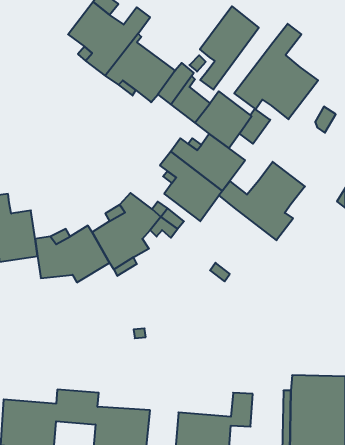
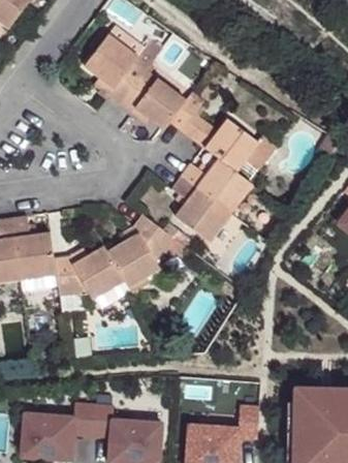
building: [200,6,259,90] -> none
building: [234,24,318,119] -> none
building: [219,162,305,240] -> none

